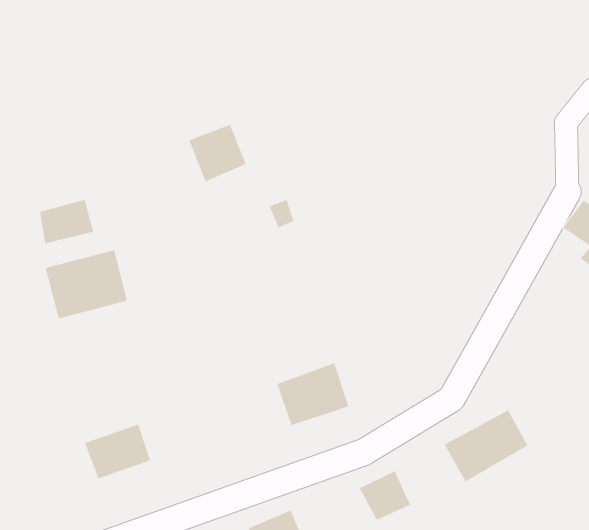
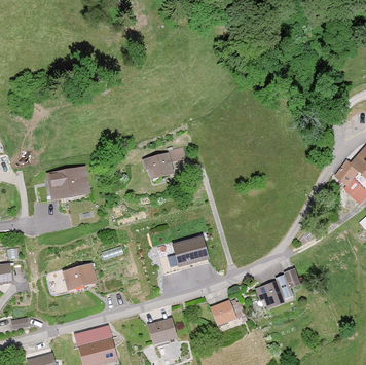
building: [189,124,247,182] -> [143,151,174,182]
building: [39,199,94,244] -> none

